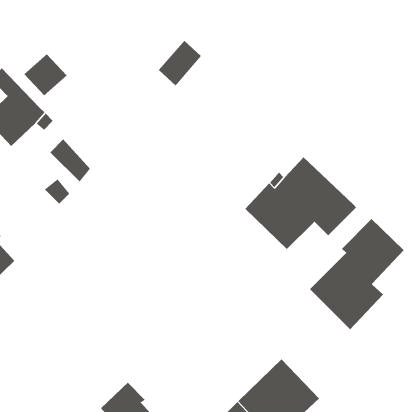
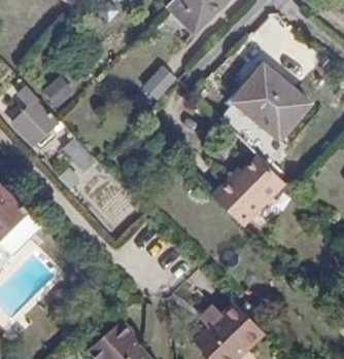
building: none -> [232,64,308,139]
building: [309,218,405,330] -> none

